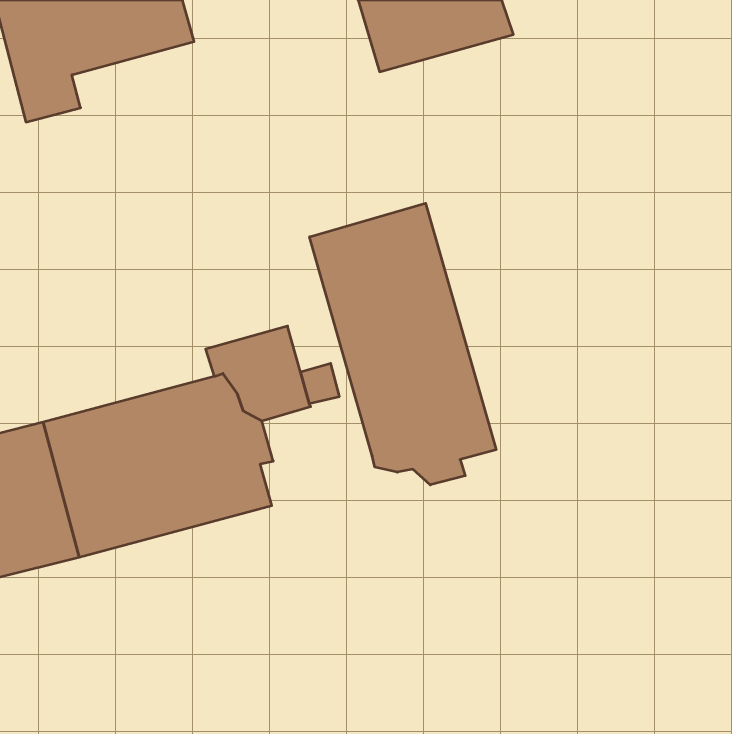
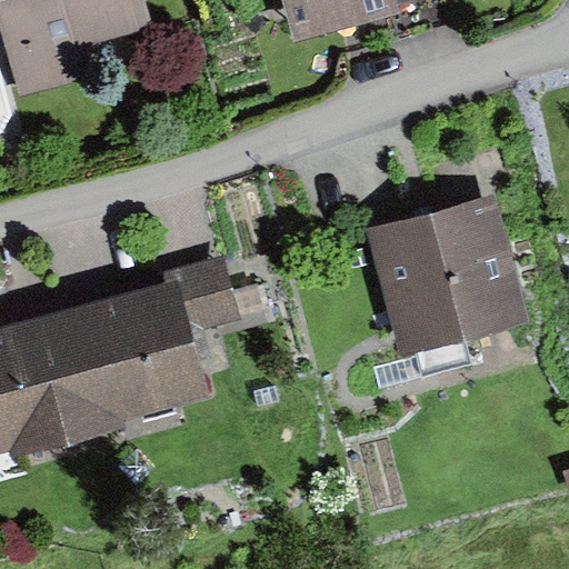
building: [310,203,496,485] -> none
building: none -> [366,191,527,349]

